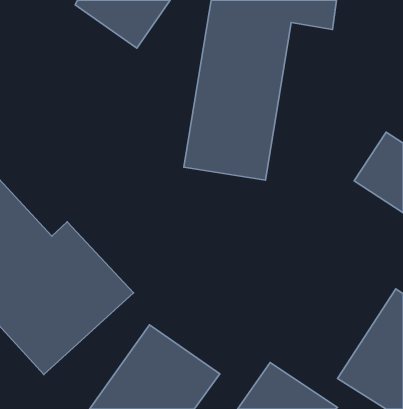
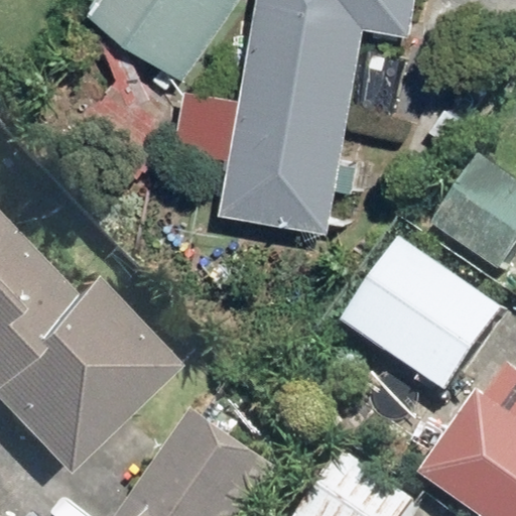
building: none -> [347,247,495,395]

